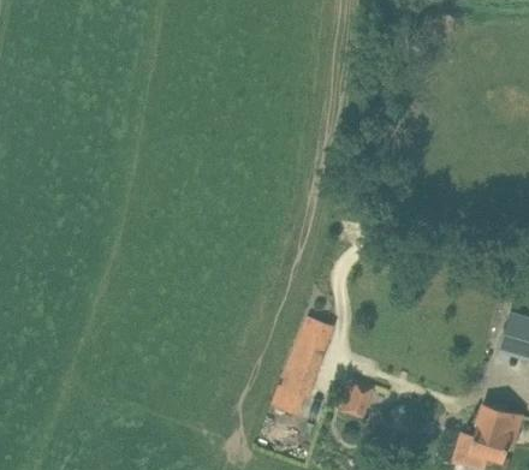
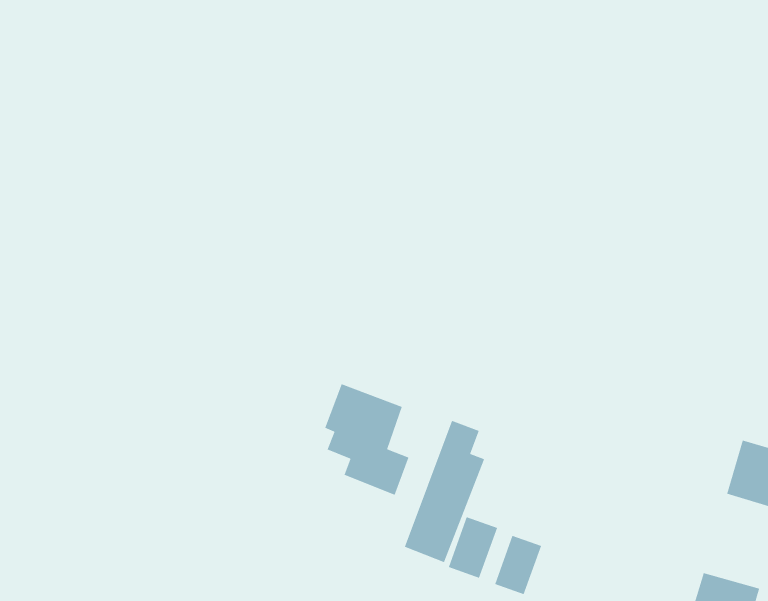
building: none -> [324,383,409,496]
building: none -> [448,516,498,579]

